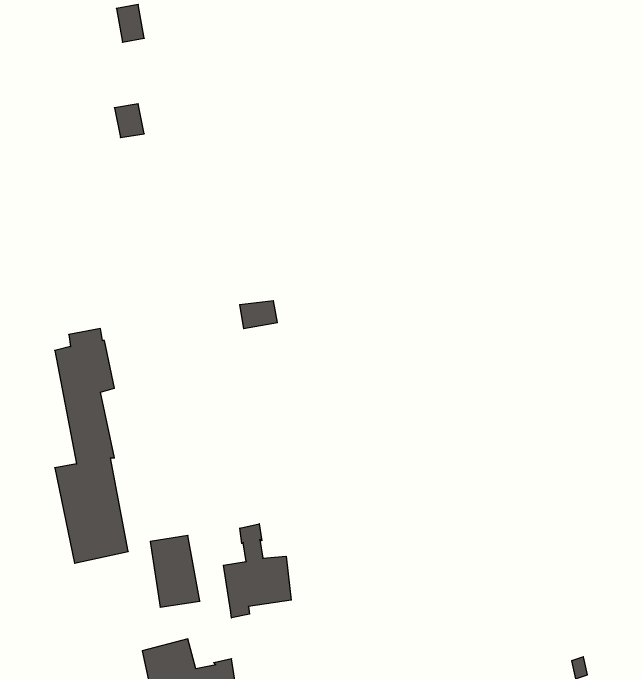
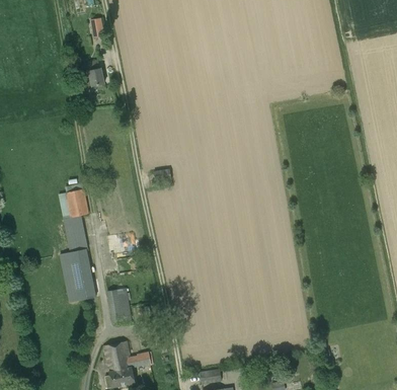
building: [223,524,291,618] -> none

